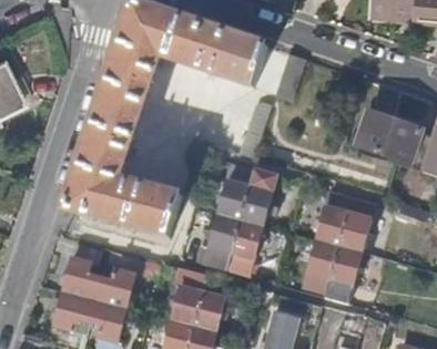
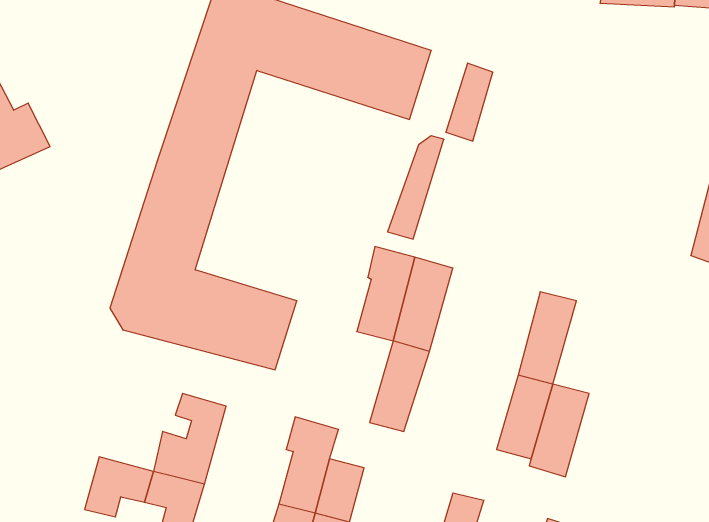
building: [357,113,419,162] -> none
building: [338,197,374,254] -> none
building: [197,216,241,271] -> none
building: [61,245,103,301] -> none

